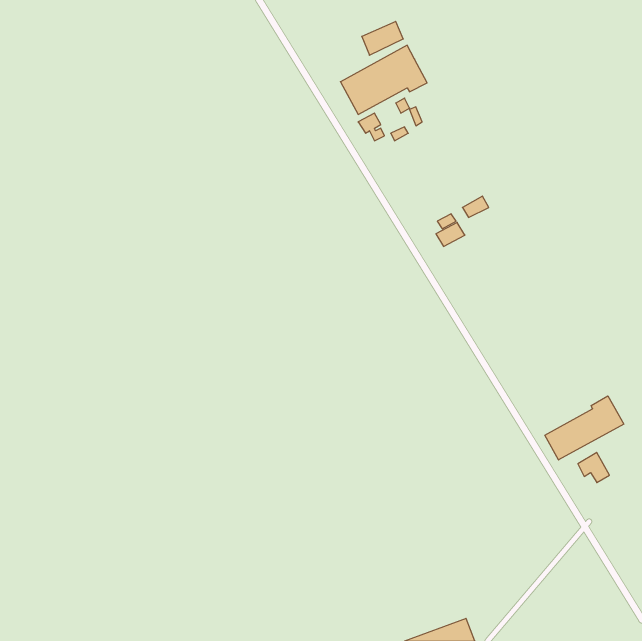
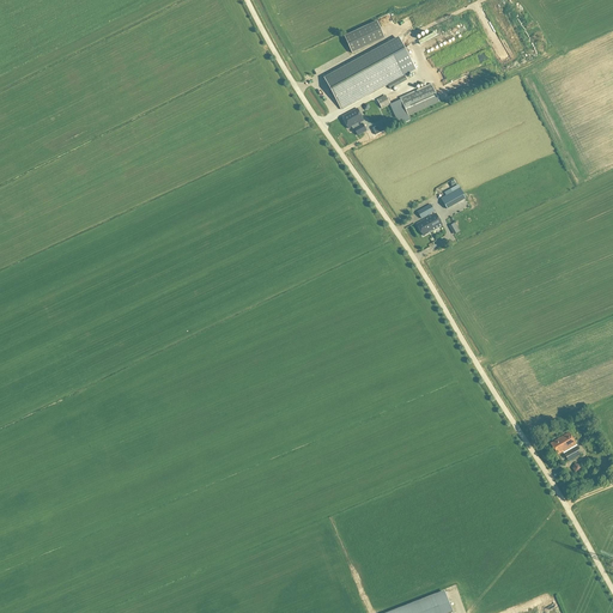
building: none -> [400,83,439,115]
building: [545,396,624,460] -> none

